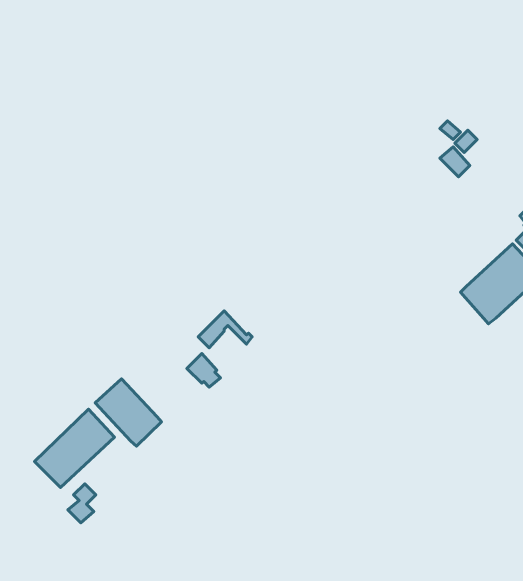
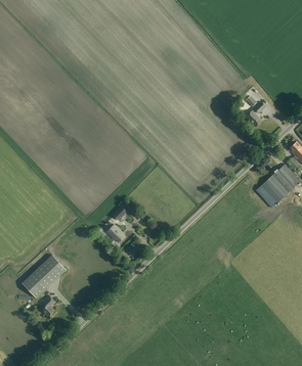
building: [95,379,161,446] -> none

